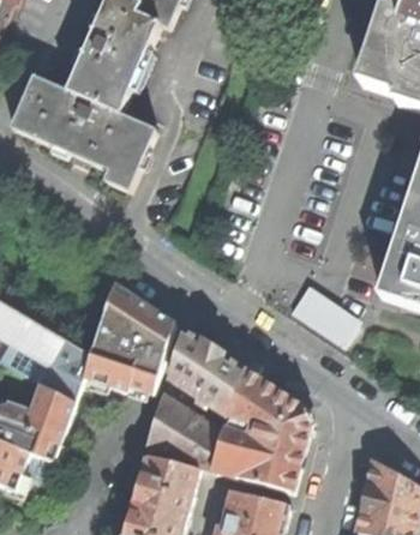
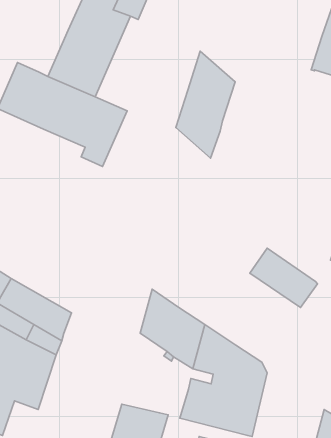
building: none -> [176,51,235,158]
building: [83,282,173,389] -> none
building: [150,395,222,470] -> none

